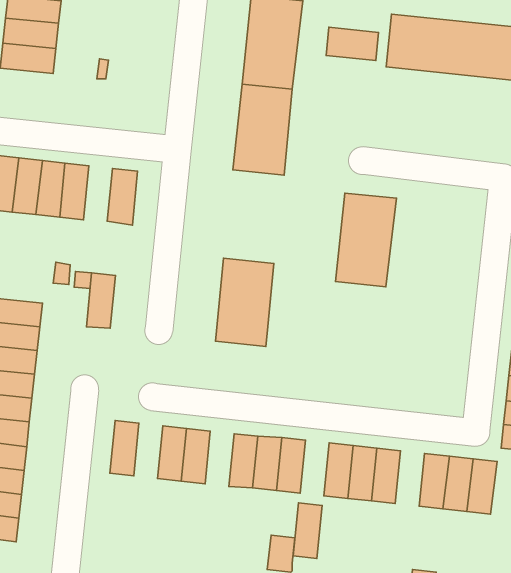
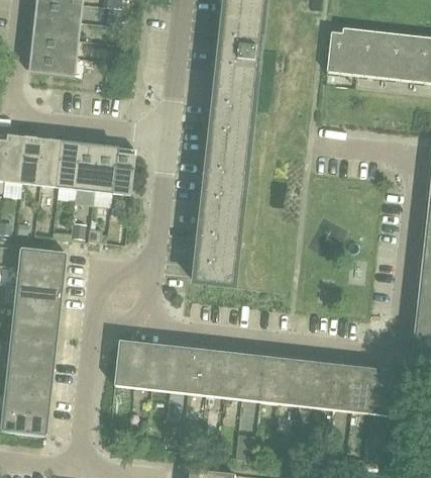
building: [326,27,379,61] -> none
building: [336,193,396,287] -> [201,151,247,222]
building: [86,273,115,328] -> [94,148,116,190]
building: none -> [132,345,154,387]
building: none -> [187,351,209,393]
building: none -> [332,366,354,408]
building: [293,503,322,558] -> [259,358,282,400]

